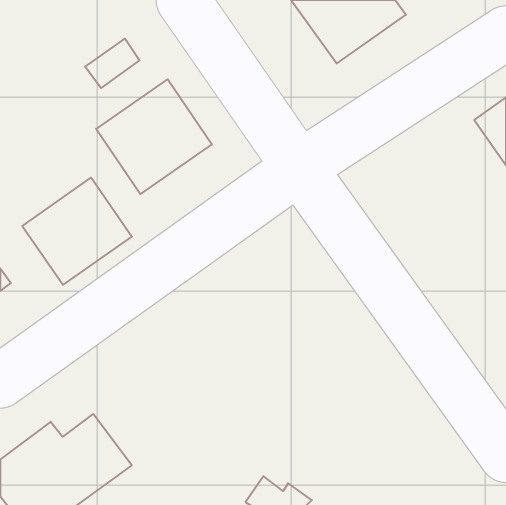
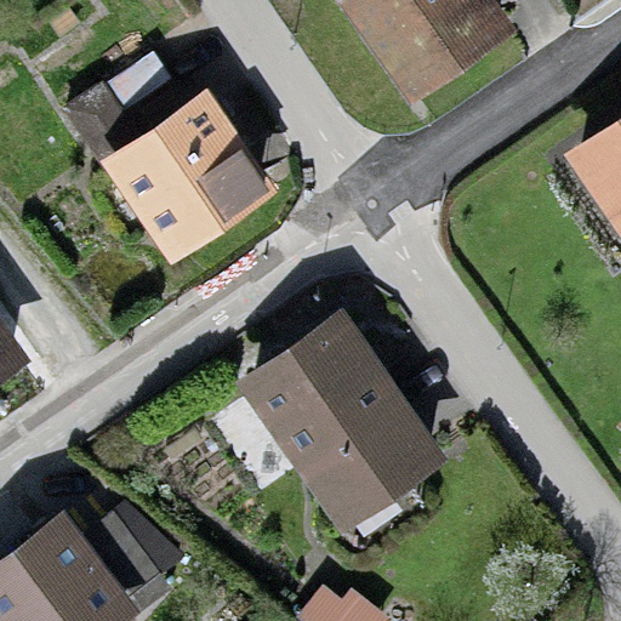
building: [22,178,132,285] -> none
building: none -> [253,317,429,506]

